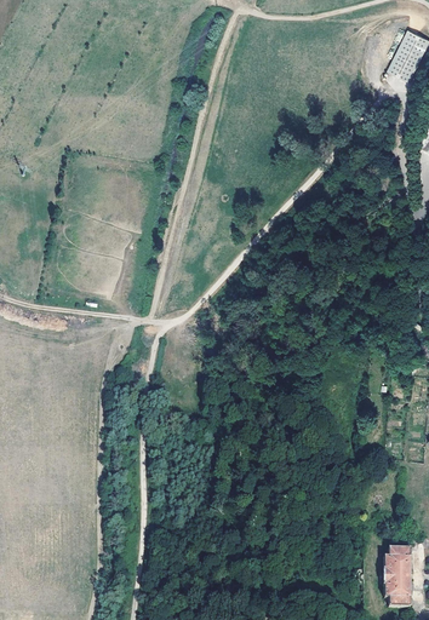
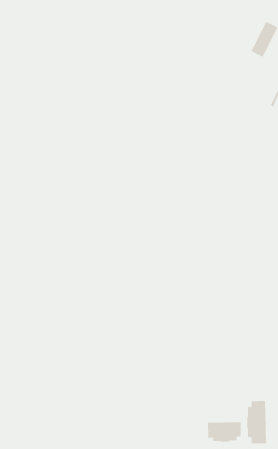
building: none -> [207,421,241,443]

